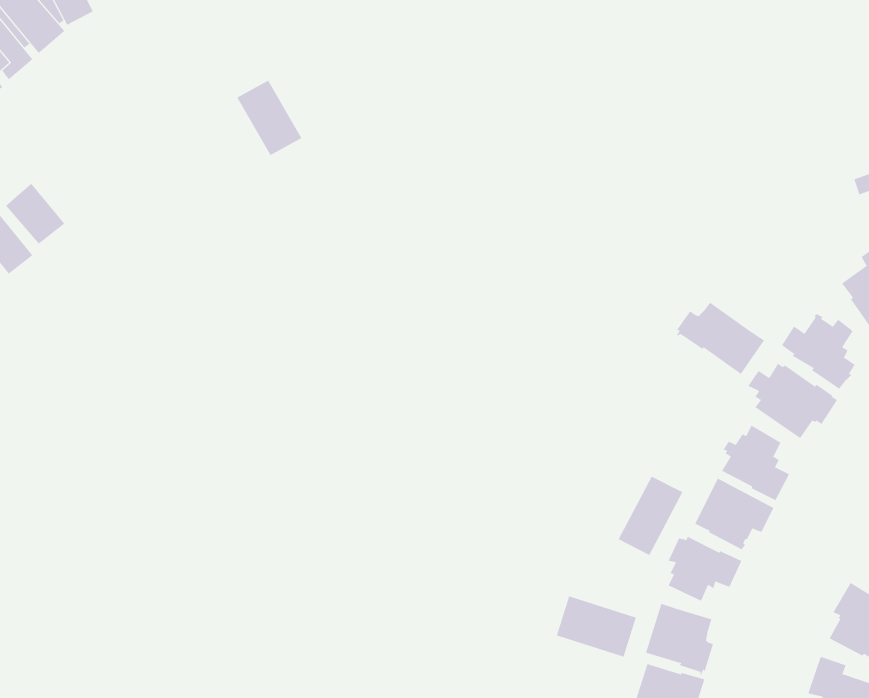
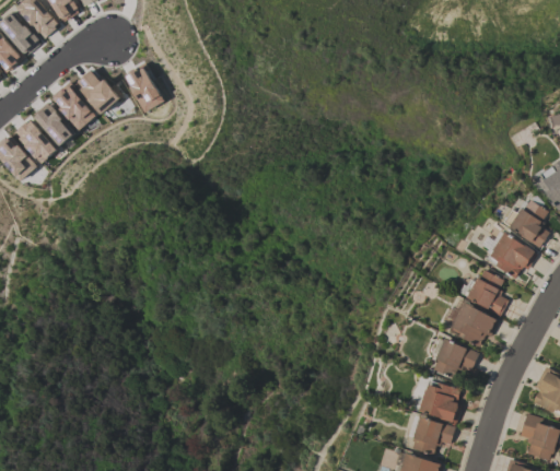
building: [237,80,302,156] -> [124,66,164,113]
building: none -> [80,63,122,109]
building: none -> [58,80,101,126]
building: none -> [35,103,80,145]
building: [676,302,765,375] -> none
building: [618,476,683,556] -> none
building: [556,595,636,657] -> none

